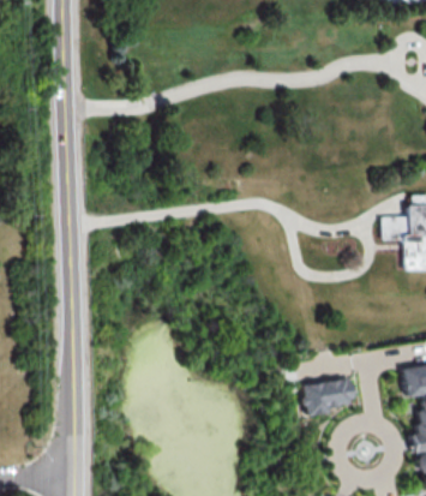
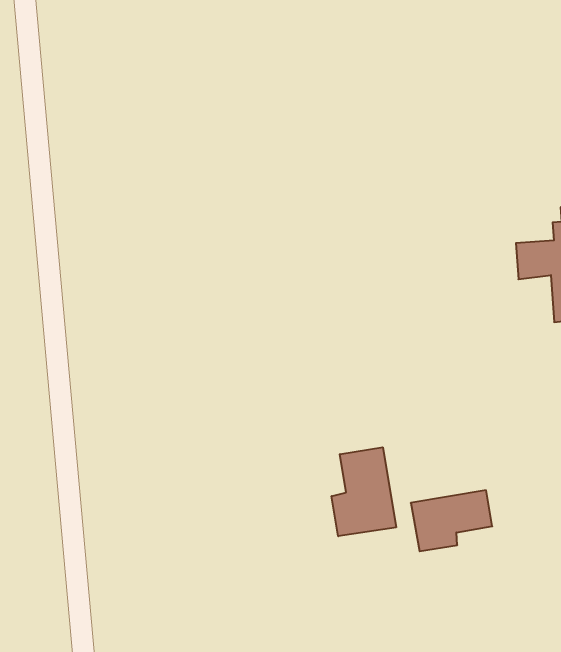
building: none -> [332,447,396,536]

